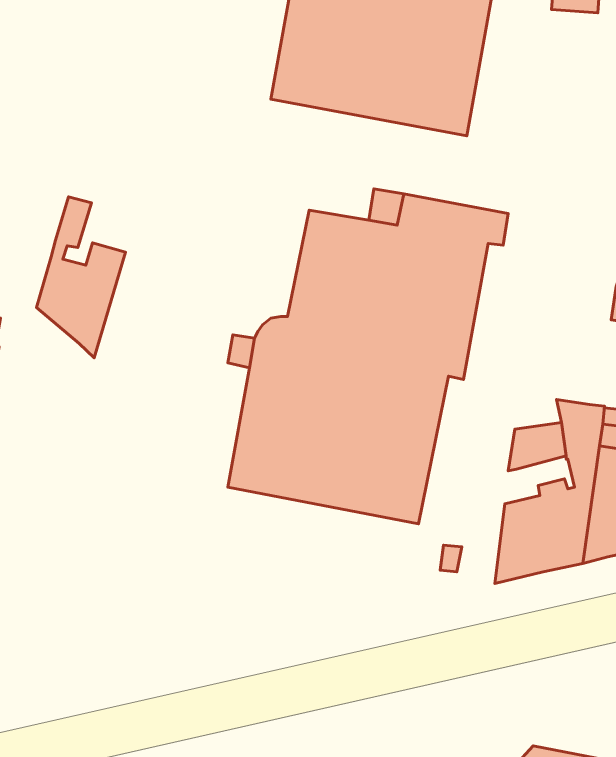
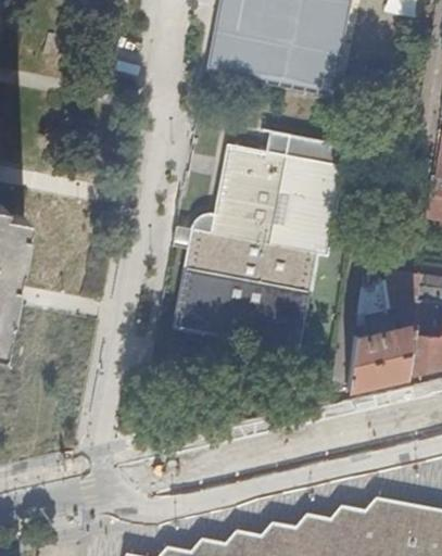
building: [36,197,126,358] -> none

